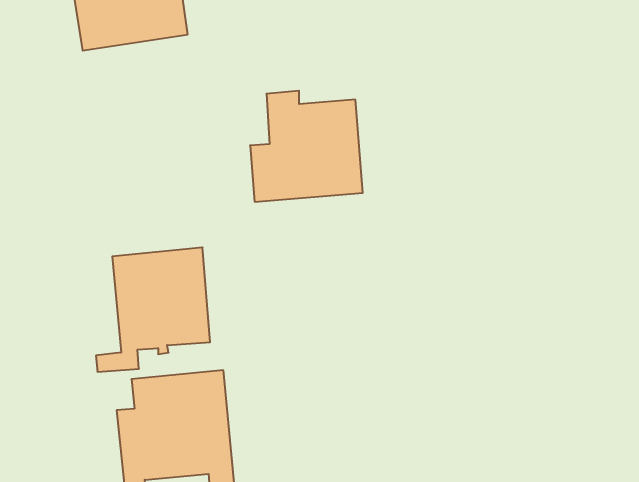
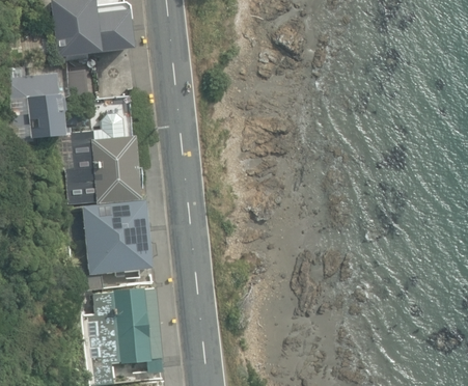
building: none -> [11,70,66,142]
building: [250,91,363,202] -> [61,126,140,203]

